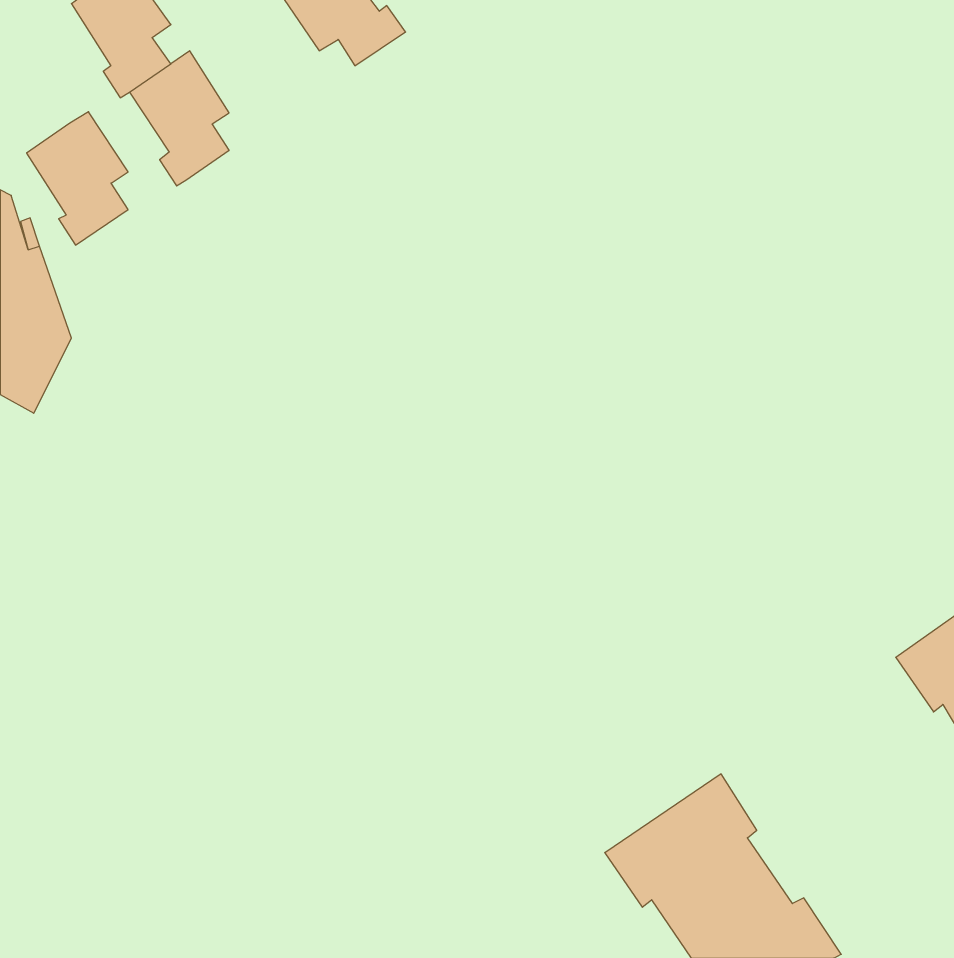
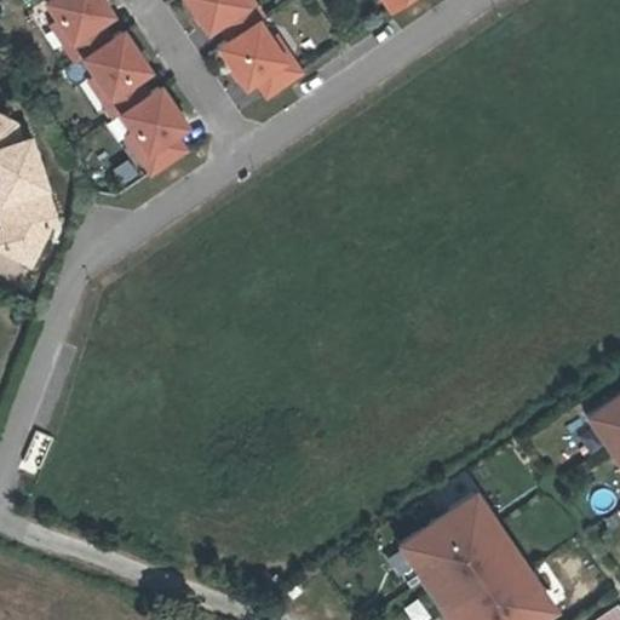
building: none -> [222,24,303,99]
building: [27,112,128,245] -> [124,90,189,176]

